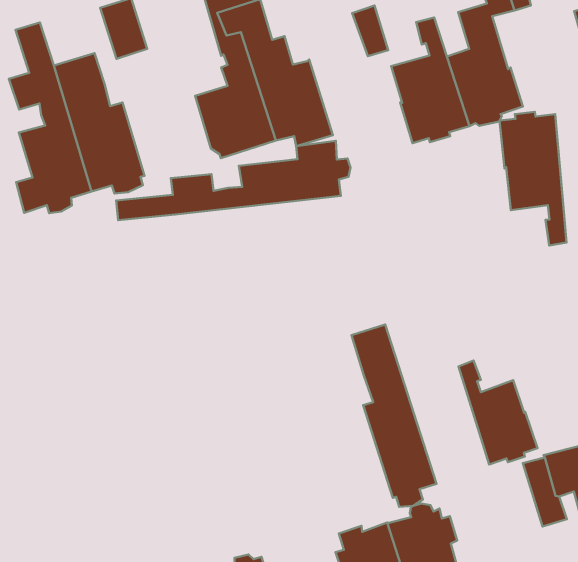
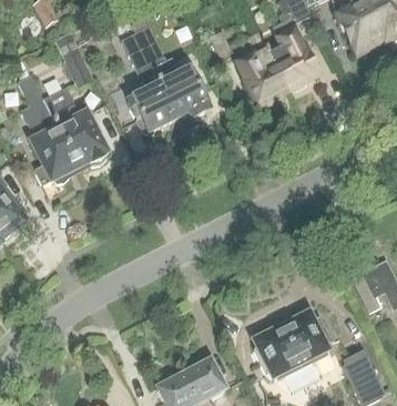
building: [500,112,566,246] -> none
building: [116,141,351,220] -> none
building: [352,324,436,507] -> none
building: [458,361,538,464] -> none

